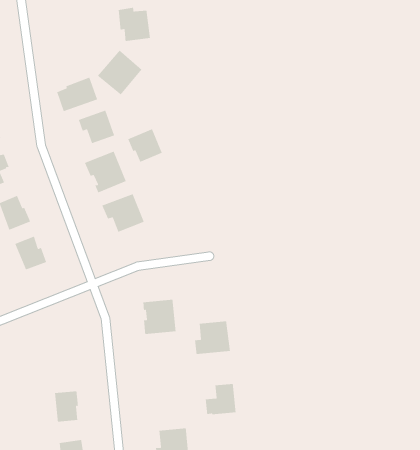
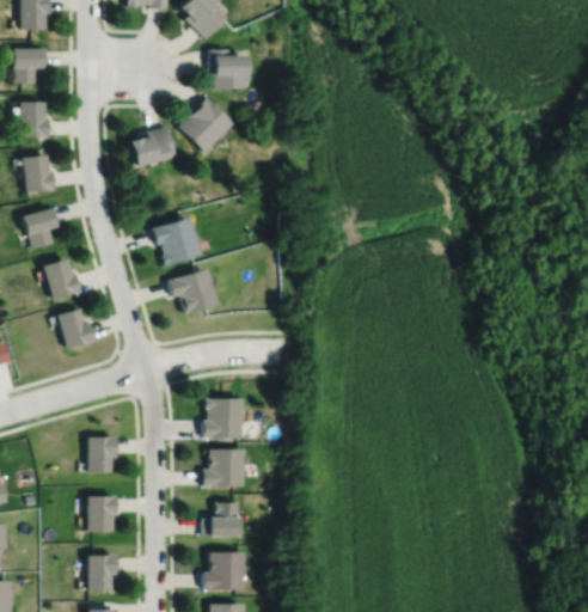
building: [78,110,115,144] -> none
building: [127,128,163,163] -> none
building: [194,321,231,355] -> [202,451,244,488]
building: none -> [90,439,117,473]
building: [205,383,236,415] -> [202,503,238,539]

